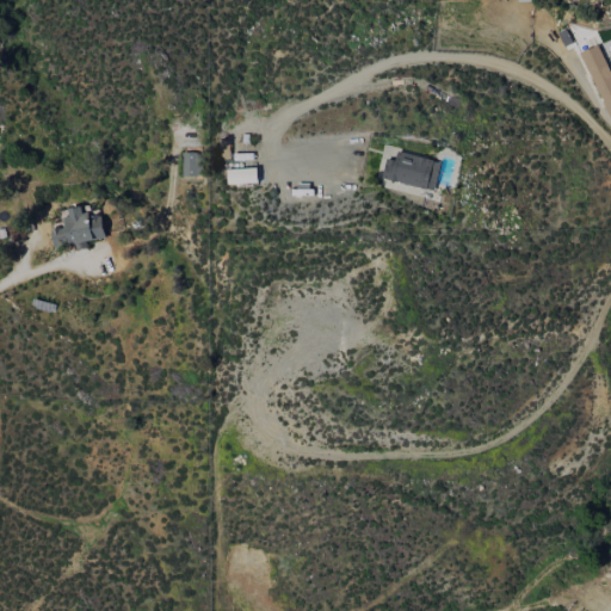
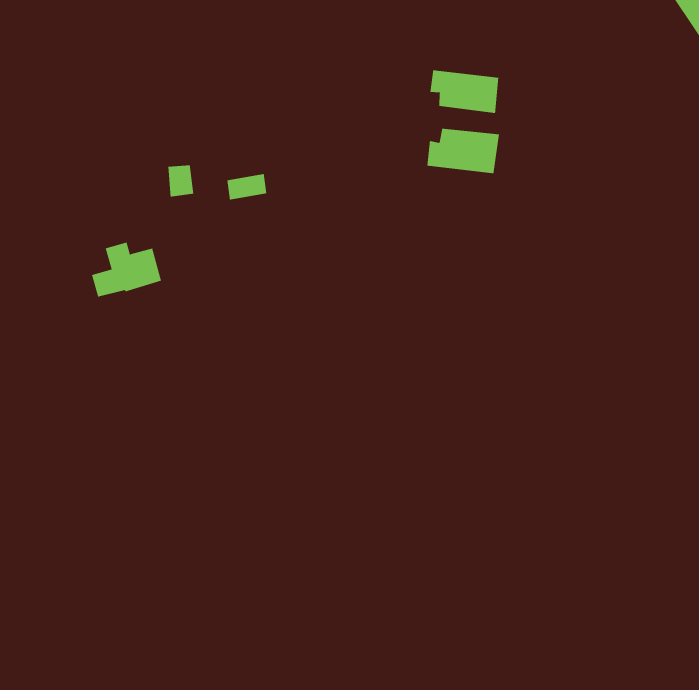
building: none -> [430,69,499,114]
building: [53,206,106,246] -> [91,242,162,297]

